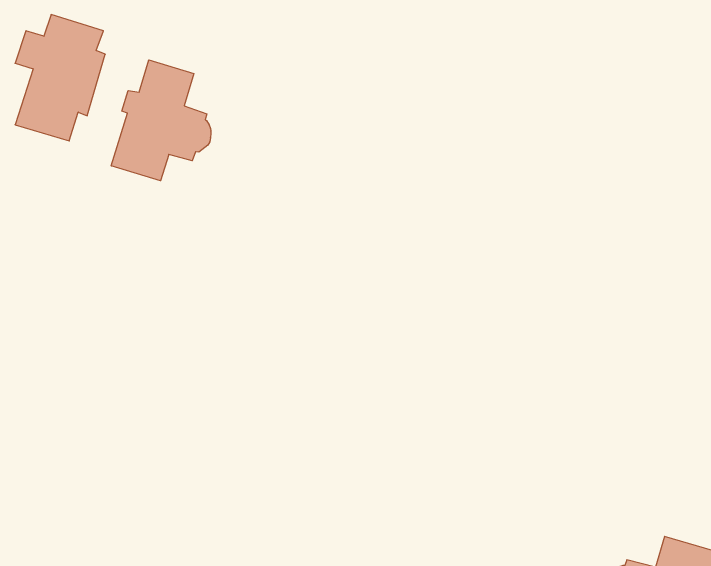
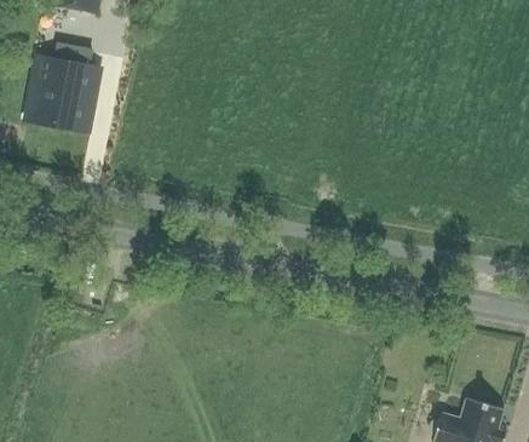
building: [111,60,211,181] -> none

